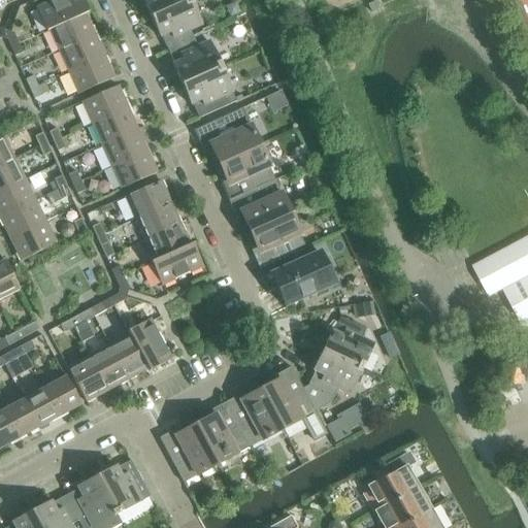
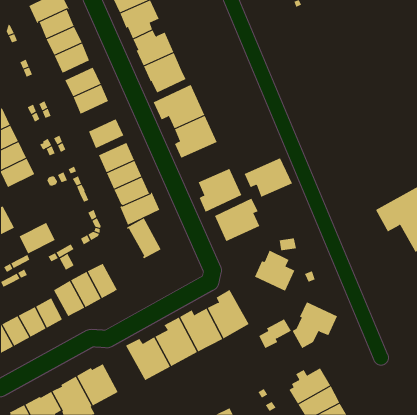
building: [102,128,147,166] -> none
building: [229,179,291,230] -> [244,157,293,197]
building: [10,220,57,260] -> [19,222,56,254]
building: [128,318,172,370] -> [126,218,161,259]
building: [303,350,361,409] -> [292,301,338,349]

